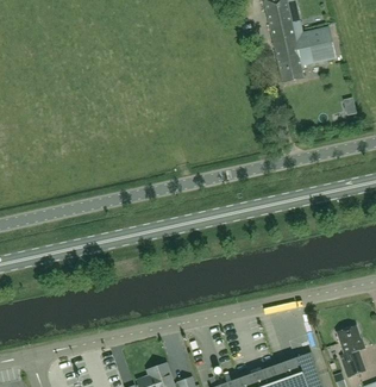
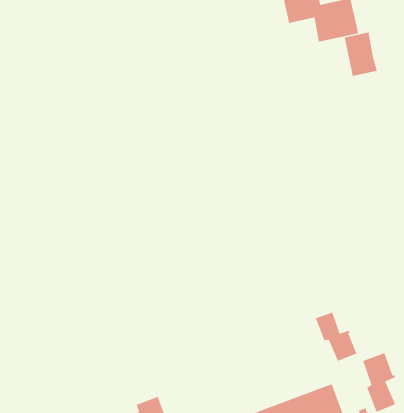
building: [275,45,303,83] -> [344,32,378,77]
building: none -> [315,311,357,362]

